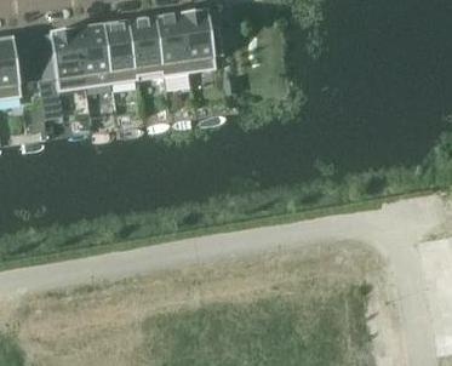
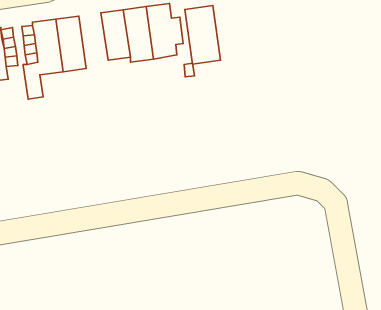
building: none -> [185,5,220,64]
building: [99,22,133,86] -> none

